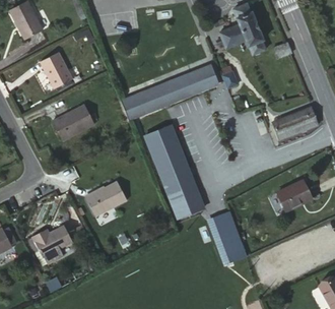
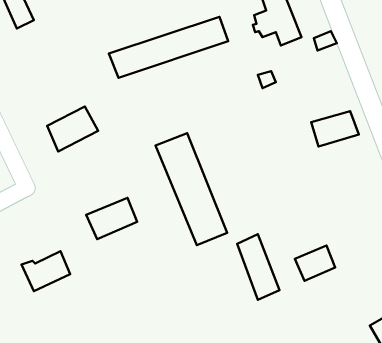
building: [40,52,71,86] -> none
building: [118,65,217,116] -> [109,17,228,78]
building: [277,181,311,210] -> [295,246,335,281]

